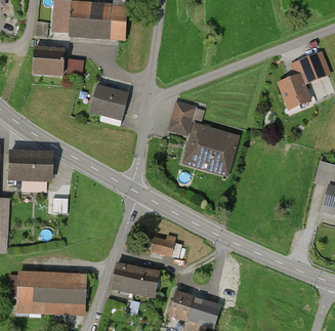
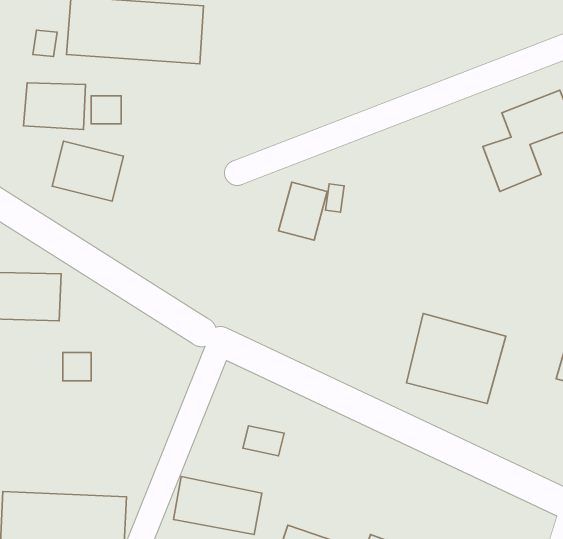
building: [87,84,126,117] -> [52,141,124,201]
building: [184,125,239,174] -> [406,314,506,404]

